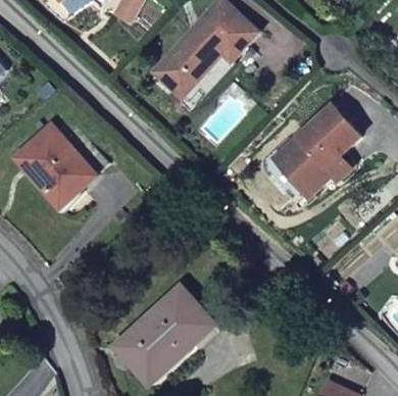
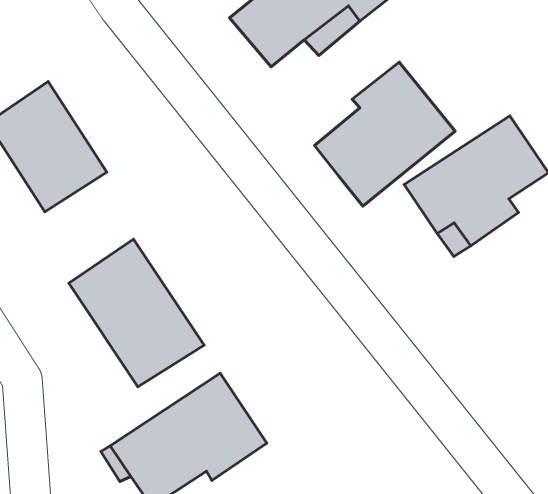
building: none -> [314,62,455,206]
building: none -> [69,239,204,387]

